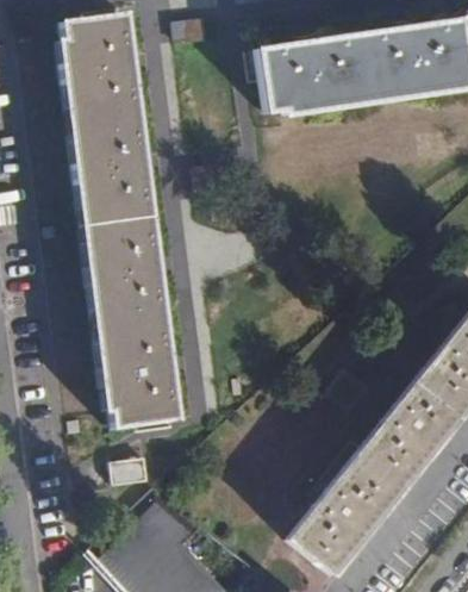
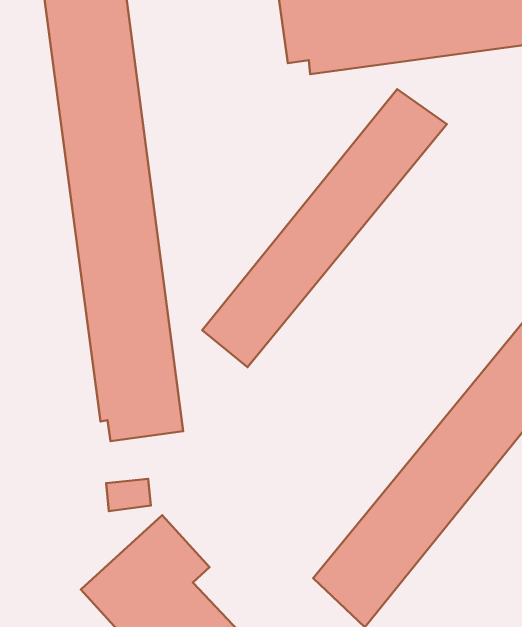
building: none -> [202,89,447,367]

